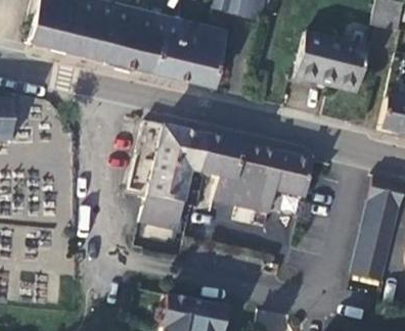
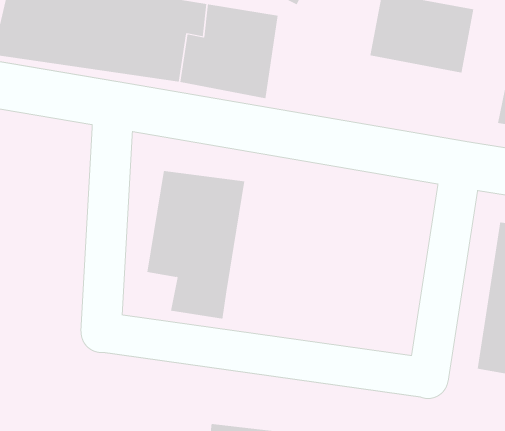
building: [190,139,314,221] -> none

